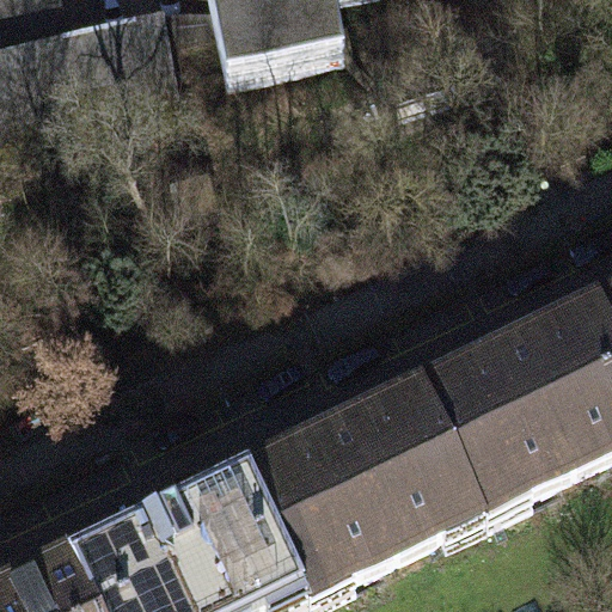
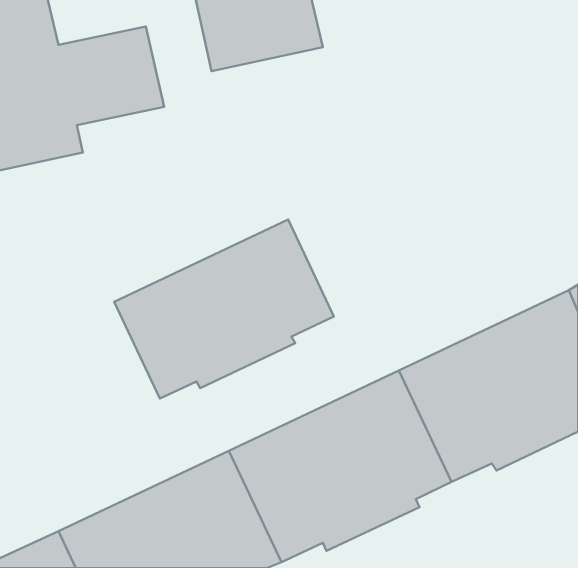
building: none -> [114,220,334,399]

